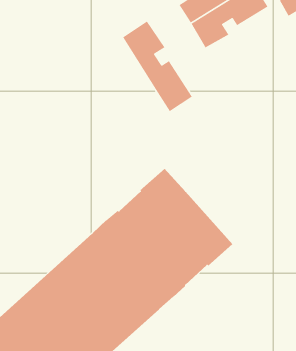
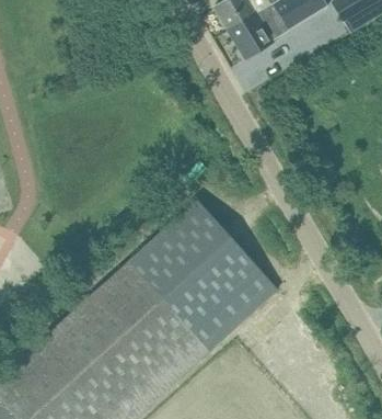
building: [122,20,193,112] -> none

